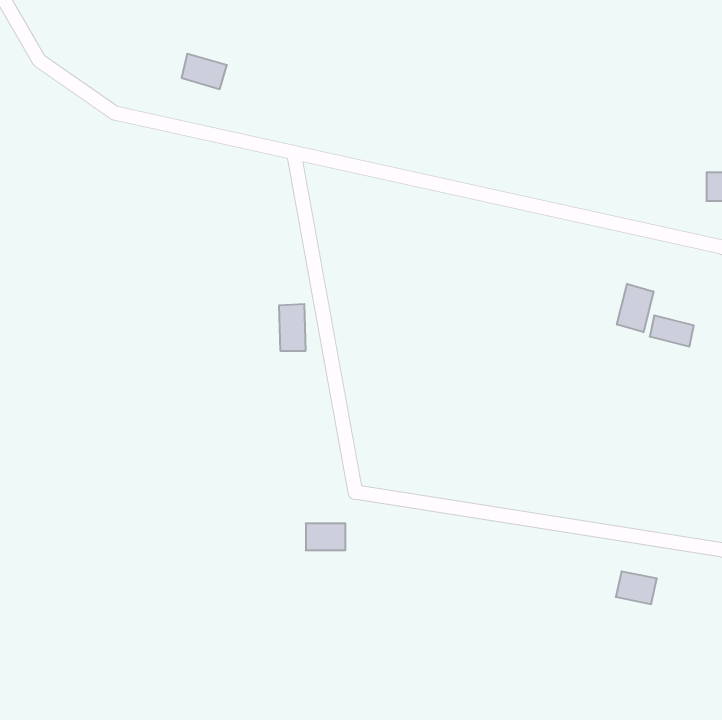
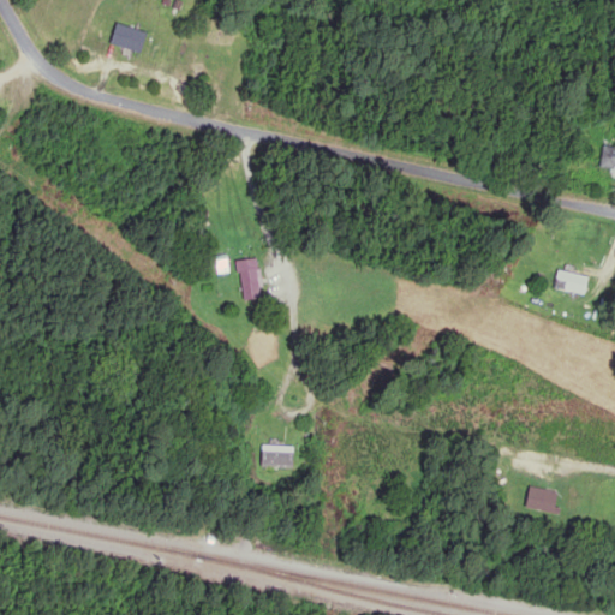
building: [182,54,227,89] -> [109,22,148,52]
building: [617,284,654,332] -> none

